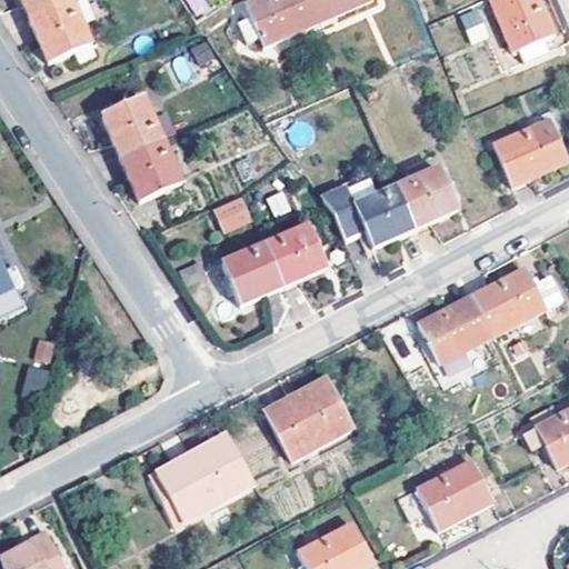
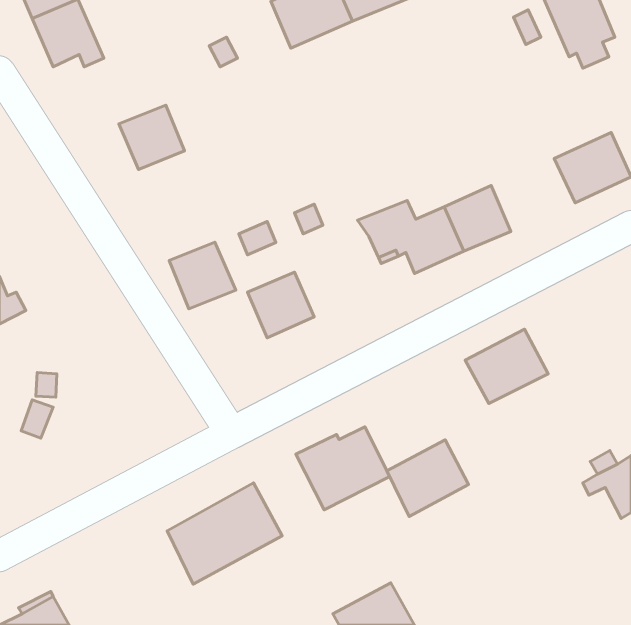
building: [124,136,184,196] -> [169,242,236,309]
building: [264,224,327,284] -> none
building: [471,268,562,336] -> none
building: [419,460,492,529] -> [387,440,469,517]

